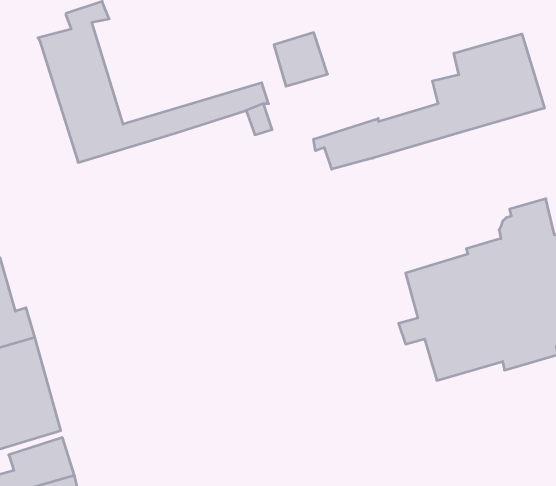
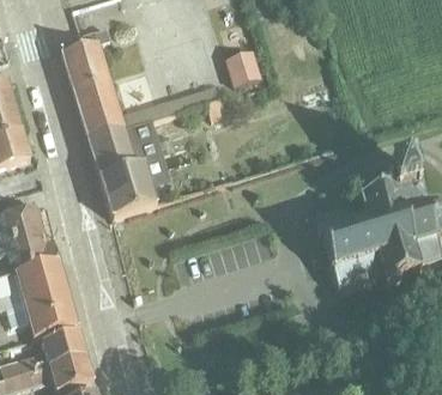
building: [314,34,544,169] -> none
building: none -> [89,120,170,218]

